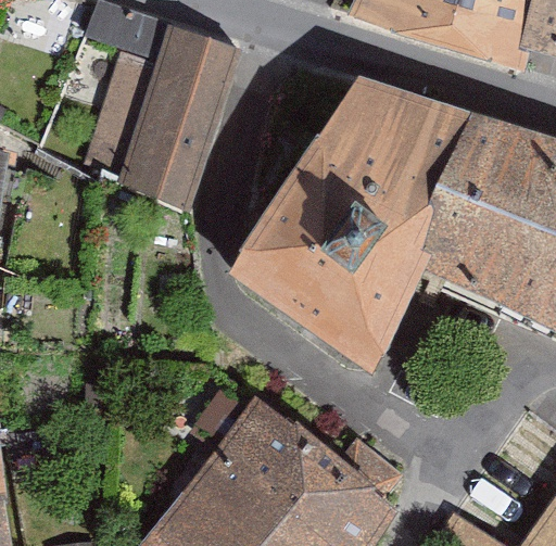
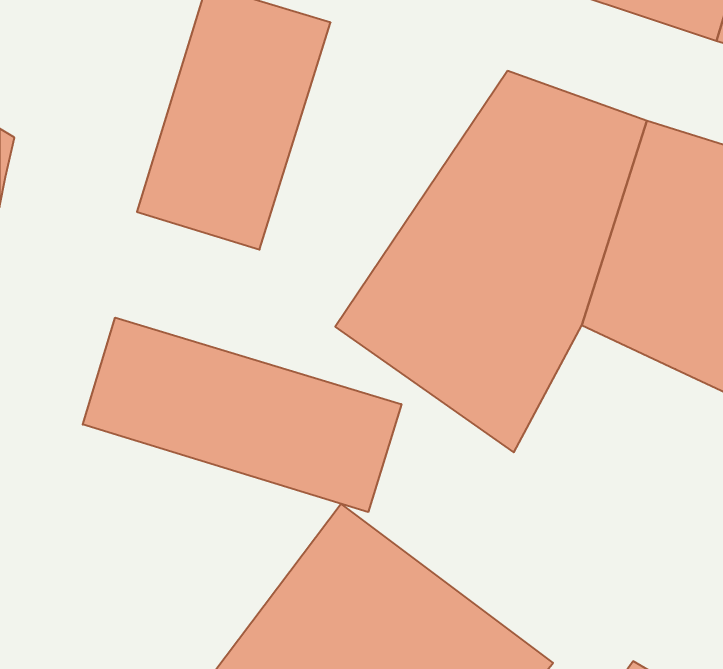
building: none -> [83,318,401,512]

